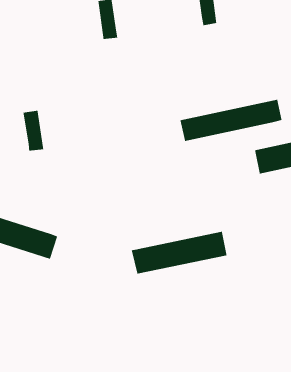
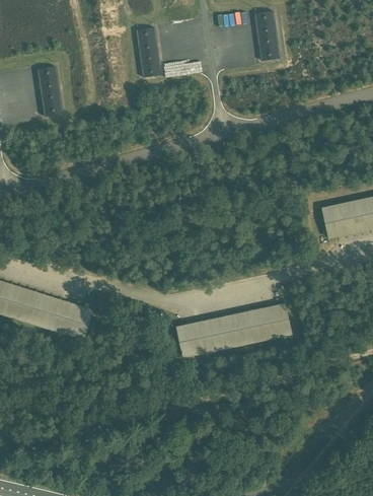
building: [180,99,283,142] -> none
building: [23,110,44,152] -> [36,66,62,116]

